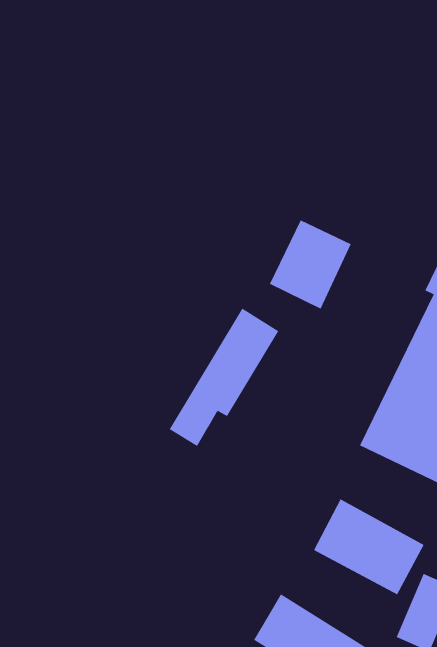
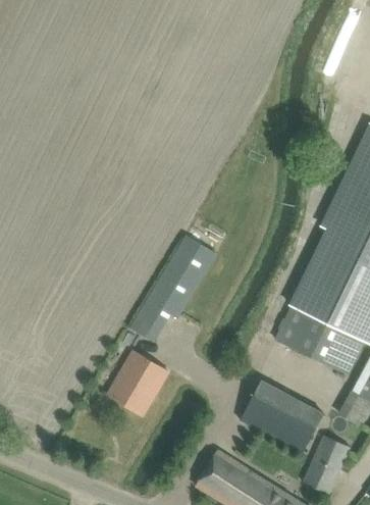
building: [269,219,351,309] -> none
building: none -> [108,349,167,413]

